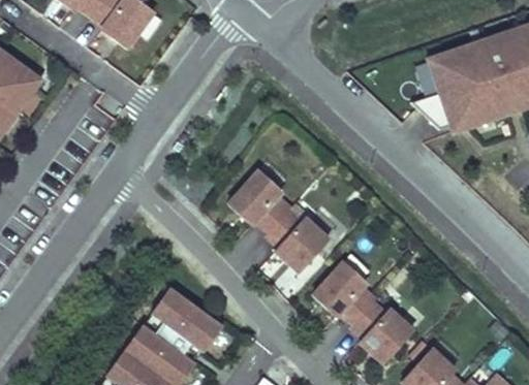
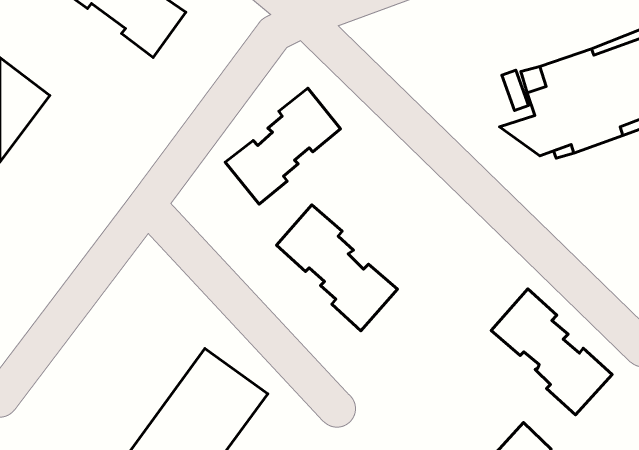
building: none -> [225,88,341,204]
building: [314,260,413,363] -> [491,289,612,415]

